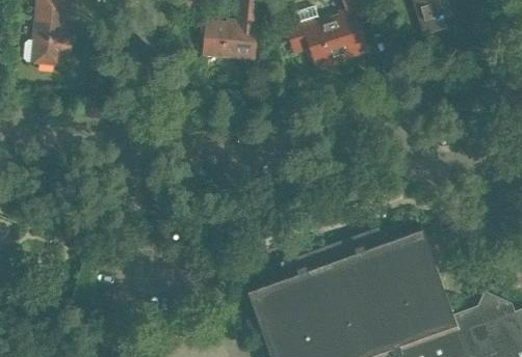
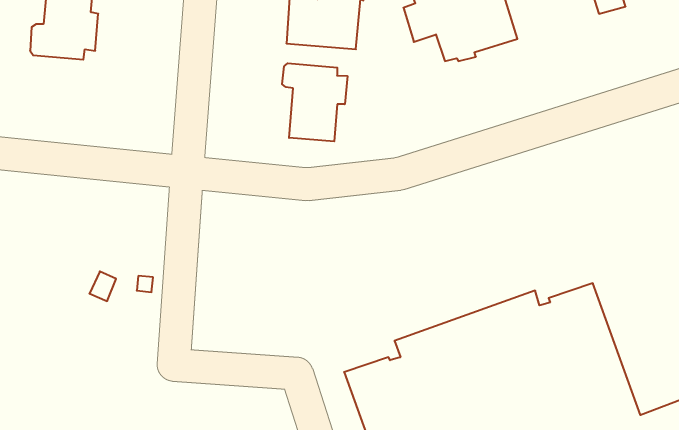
building: none -> [282,63,347,141]

